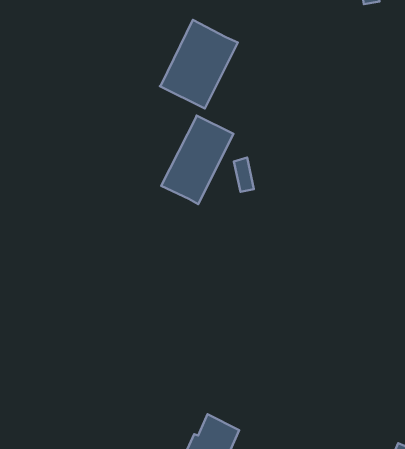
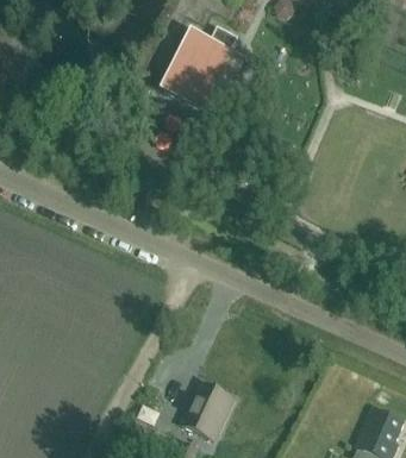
building: [161,115,233,204] -> none

